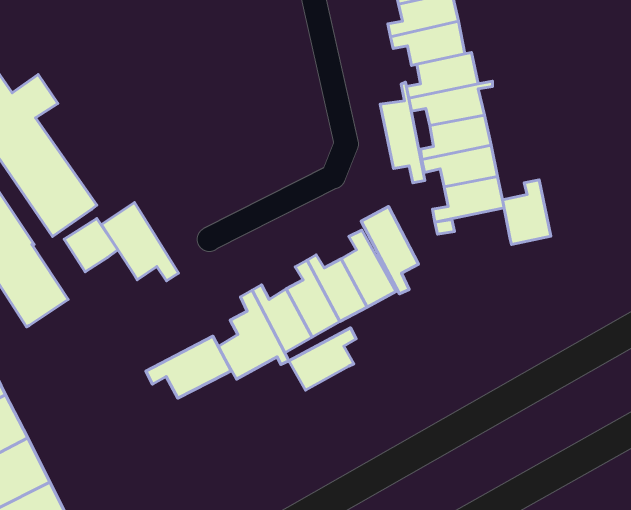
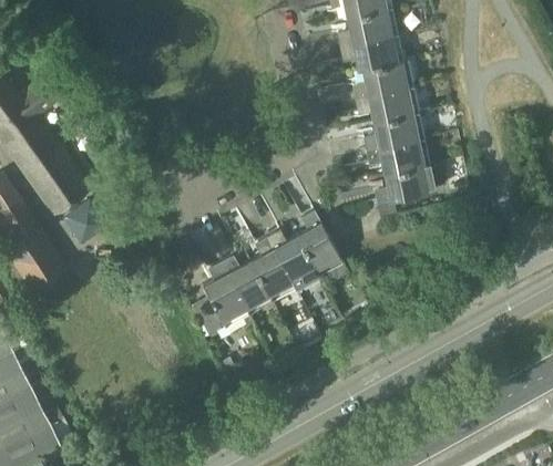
building: [380,82,425,183] -> none
building: [503,180,551,244] -> none
building: [102,203,179,281] -> none
building: [361,206,419,294] -> none
building: [289,328,356,390] -> none
building: [146,336,231,398] -> none

